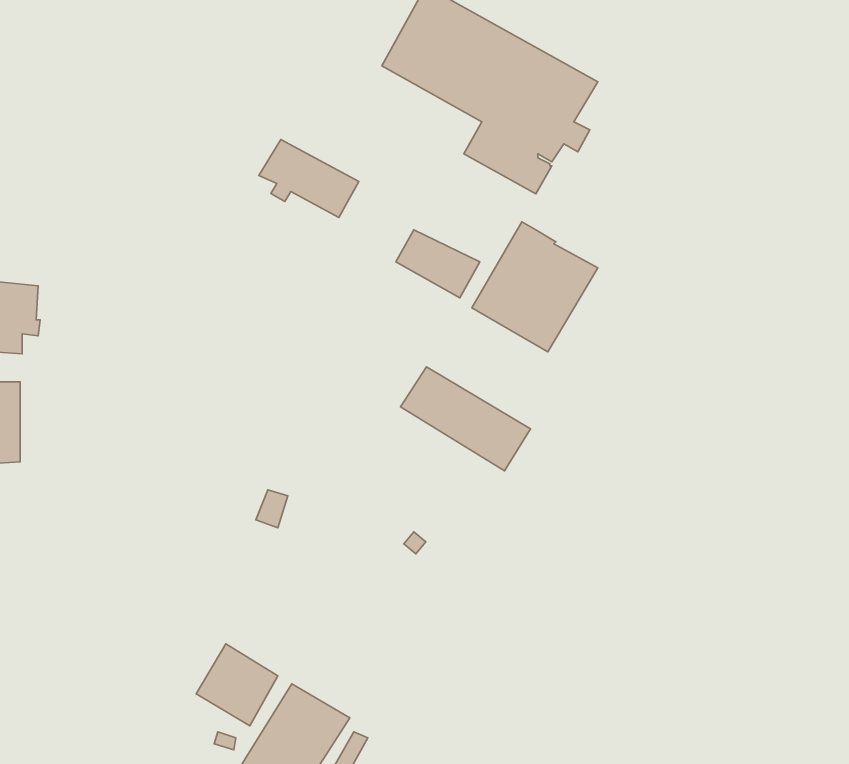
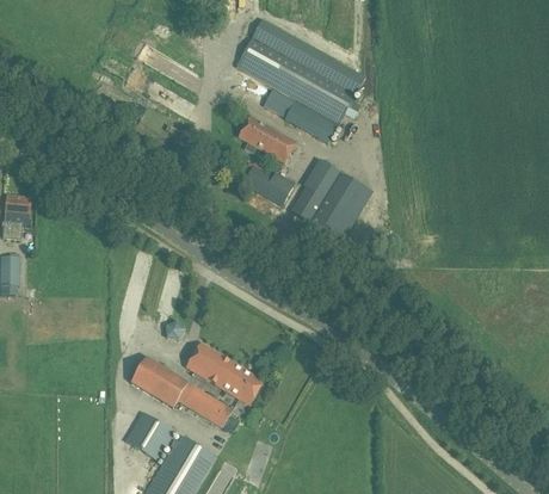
building: [259,140,359,218] -> [236,116,296,162]
building: [400,367,530,471] -> [185,344,263,406]
building: none -> [130,357,233,426]

